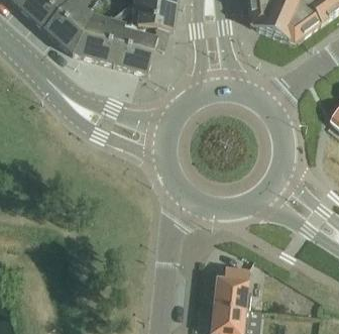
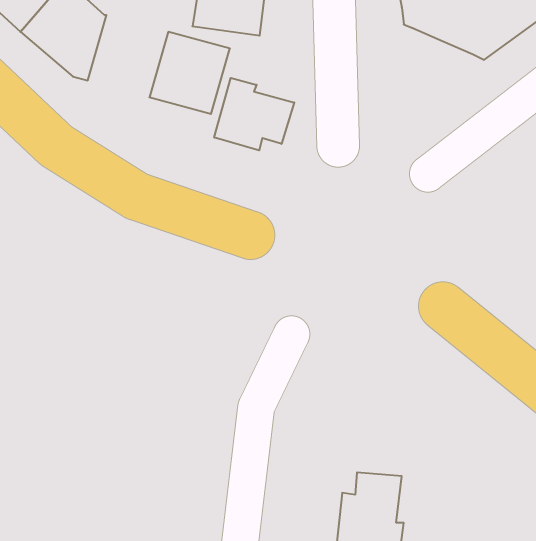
building: [79,19,122,64] -> none
building: none -> [214,78,294,150]

